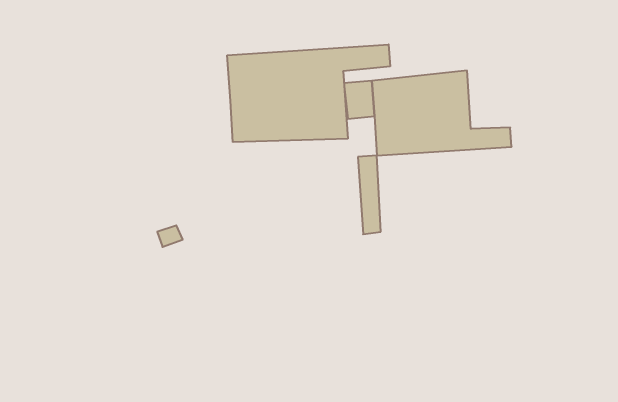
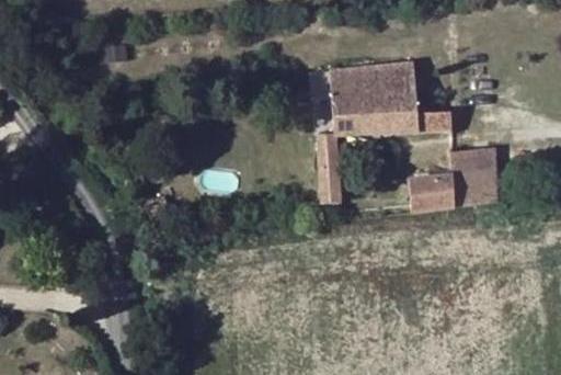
building: [227,44,390,142] -> none
building: none -> [410,148,499,211]

